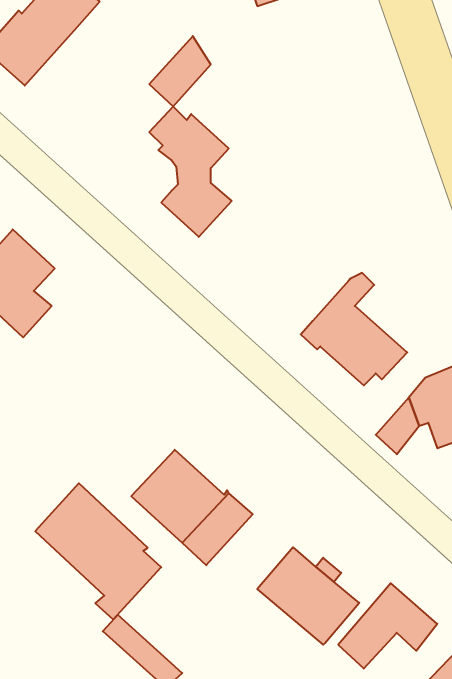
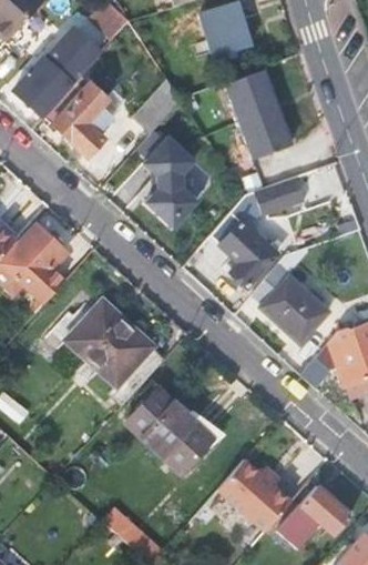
building: none -> [227,68,295,158]
building: none -> [42,73,113,158]
building: none -> [258,176,308,218]
building: none -> [219,222,284,291]
building: [35,483,161,620] -> [69,297,162,398]

